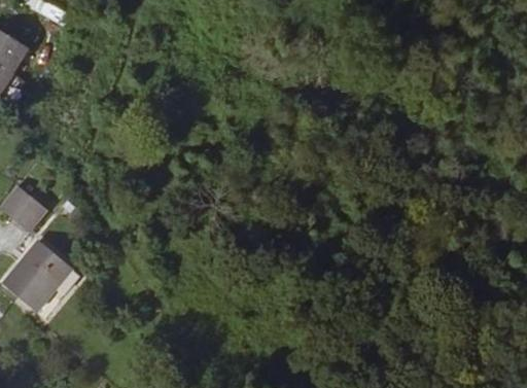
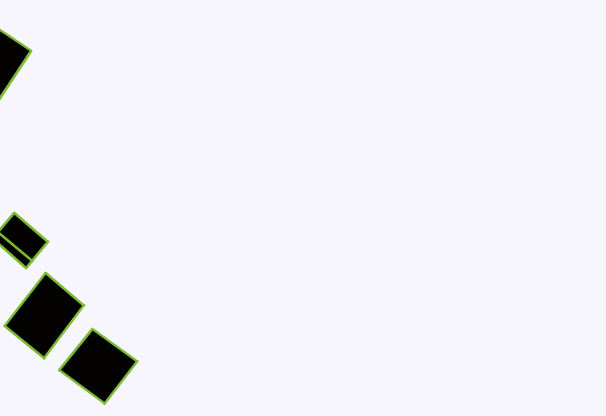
building: none -> [59,329,137,404]

